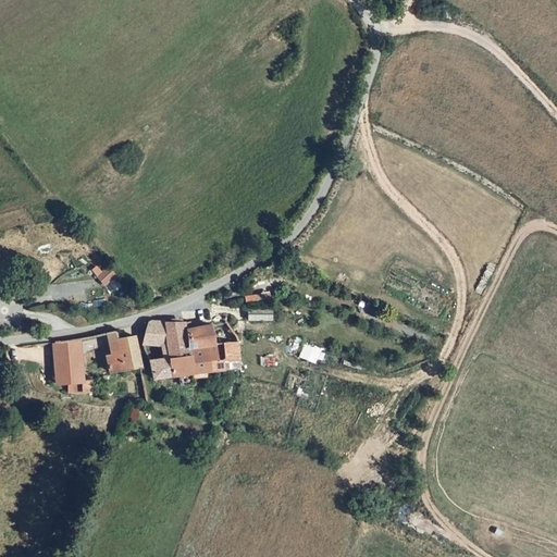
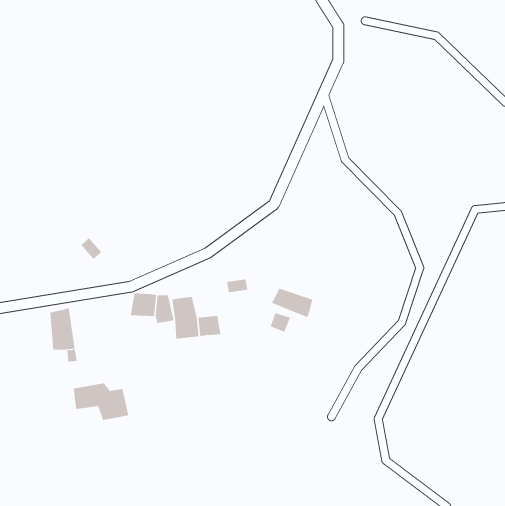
building: none -> [271,288,313,318]
building: [76,331,138,372] -> [73,383,129,420]
building: [151,351,193,376] -> none

